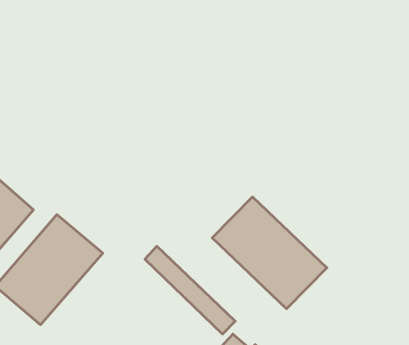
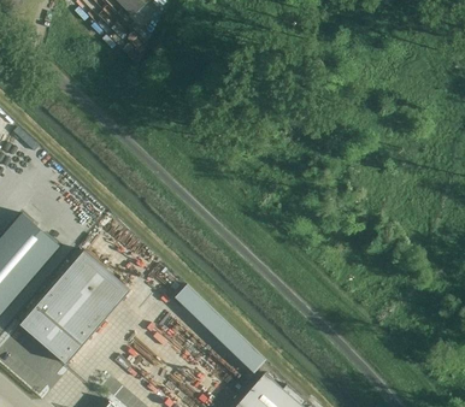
building: [212,197,327,309] -> none

